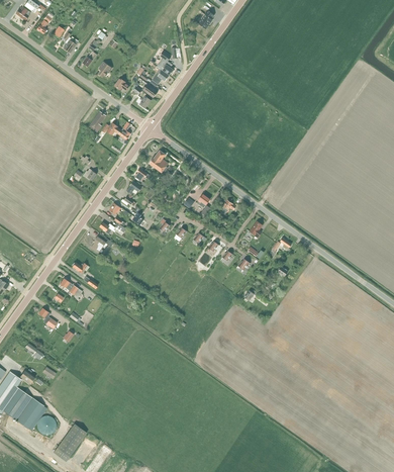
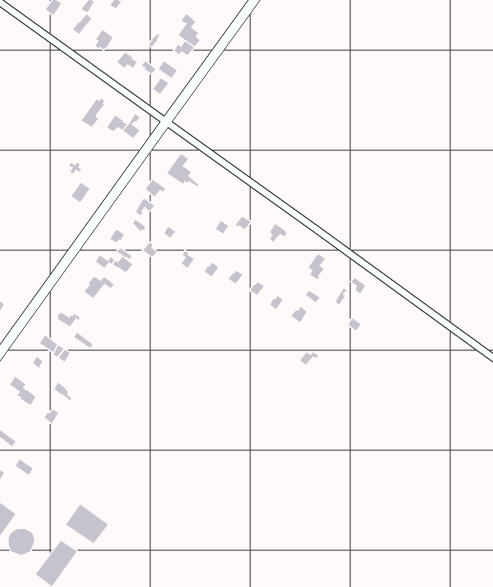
building: none -> [65,504,109,544]

